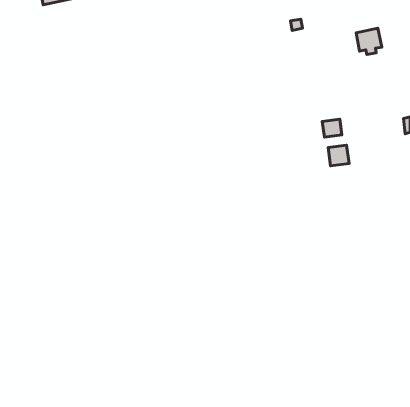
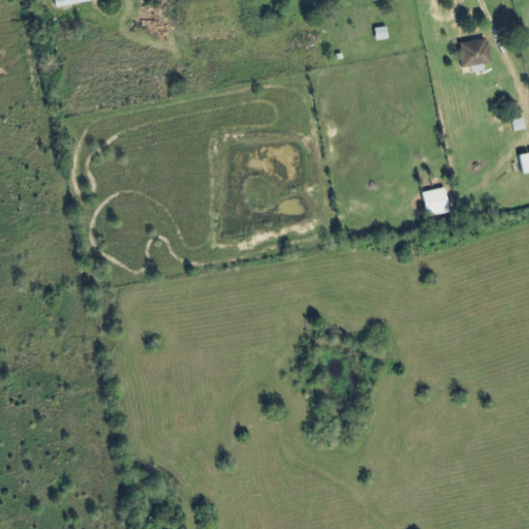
building: [322,119,342,137] -> none

